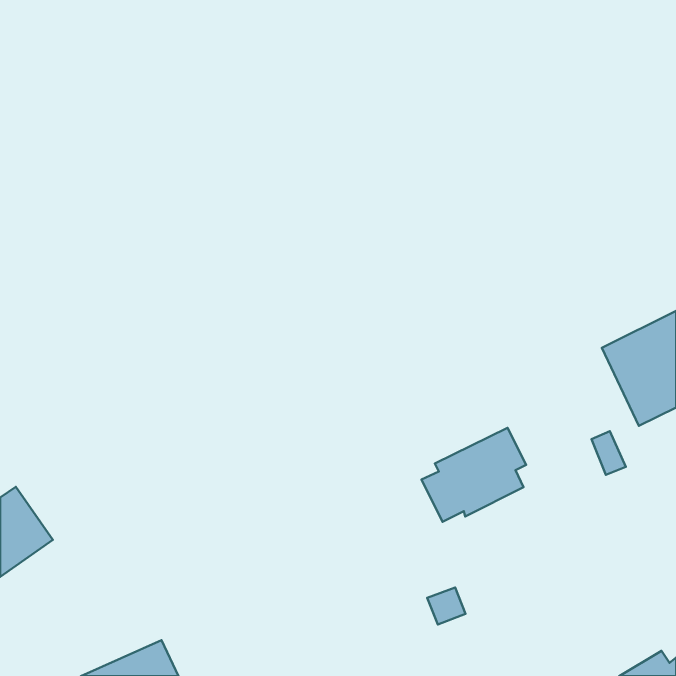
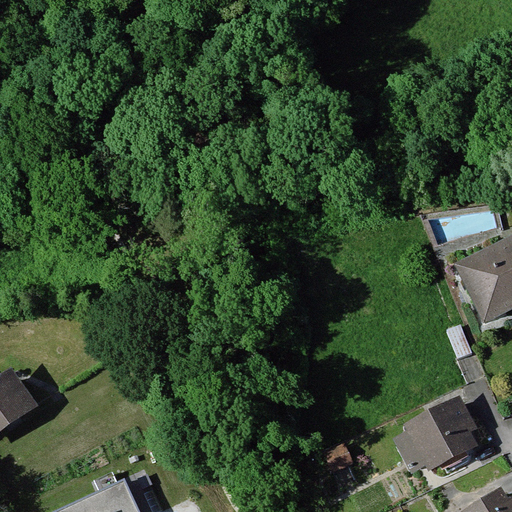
building: [421,428,526,522] -> [396,399,475,470]

